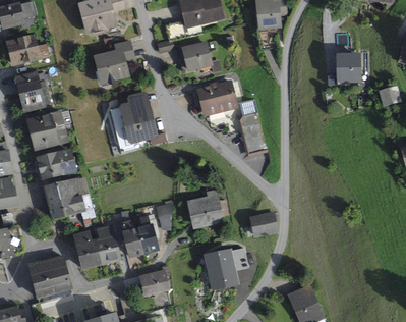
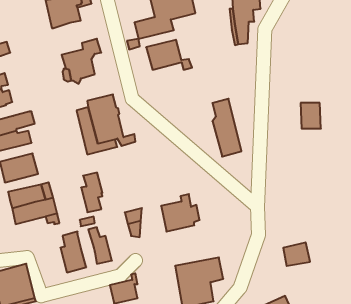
building: [338,55,357,79] -> [301,103,321,129]
building: [197,82,234,111] -> none
building: [250,212,276,234] -> [283,242,310,266]
building: [136,214,157,252] -> [81,173,102,212]
building: [73,230,100,267] -> none

